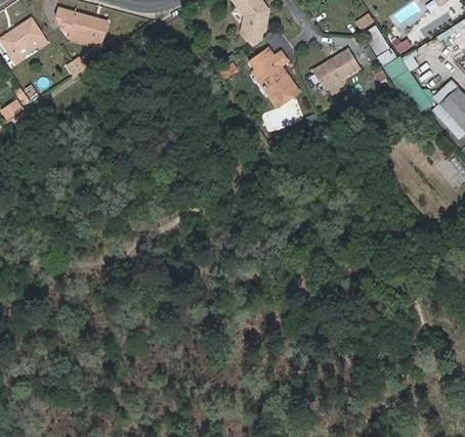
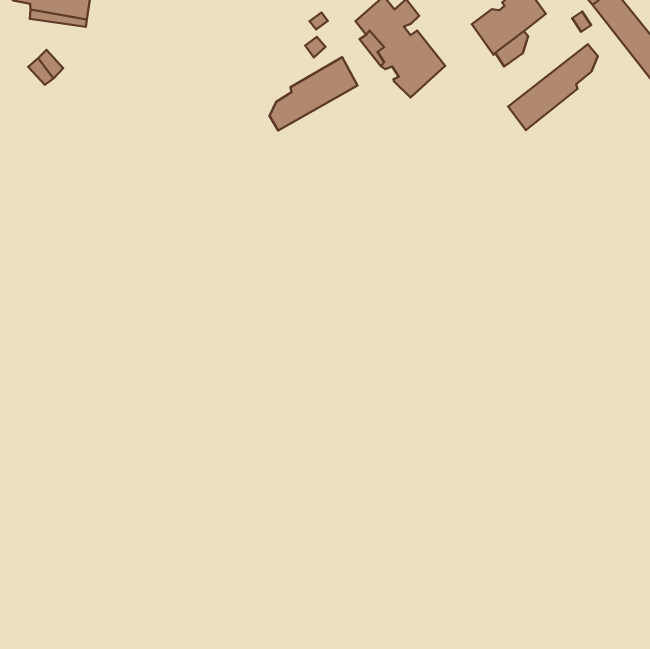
building: none -> [269,57,357,131]
building: none -> [508,44,598,130]

